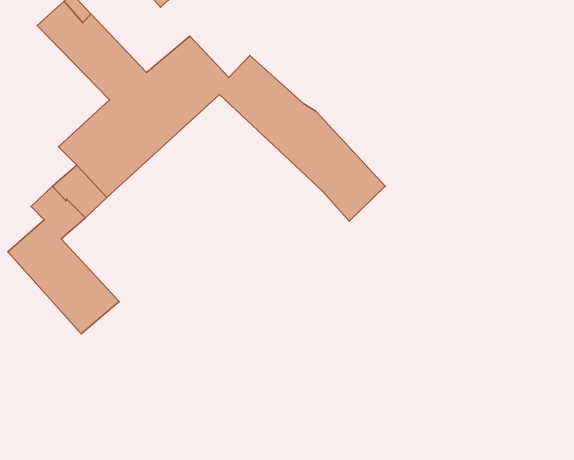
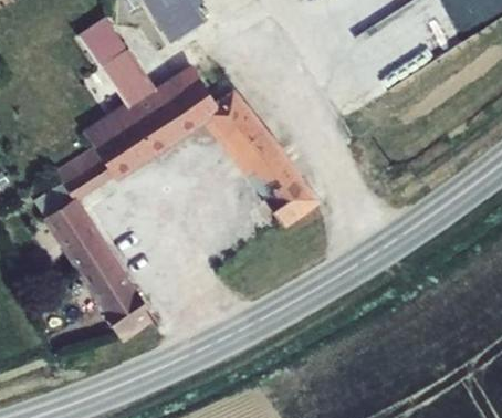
building: none -> [77,249,149,333]

